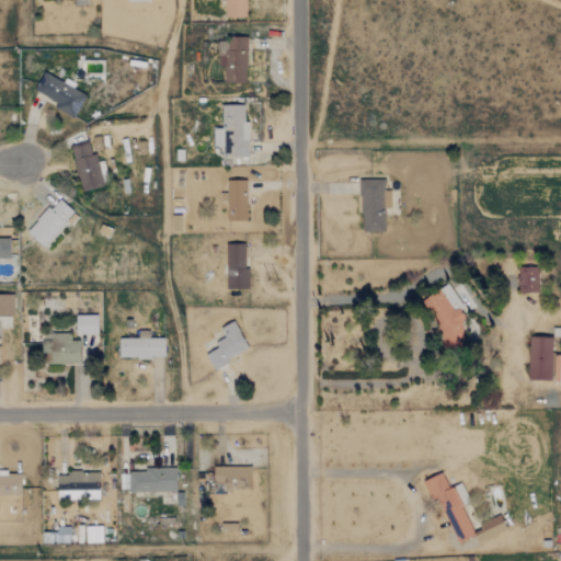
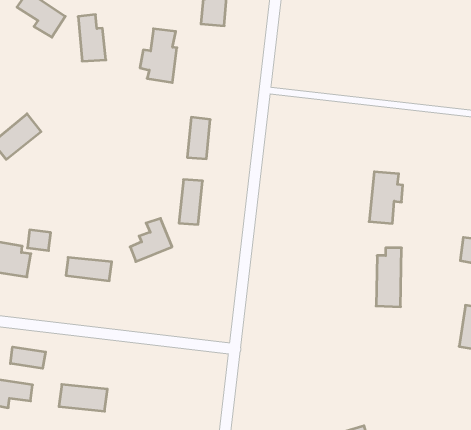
building: [215,104,250,157] -> [140,29,177,83]
building: [72,141,106,191] -> [78,15,106,61]
building: [362,179,393,231] -> [369,172,403,223]
building: [208,321,251,368] -> [130,218,172,262]
building: none -> [10,347,46,368]
building: [216,466,253,489] -> none

